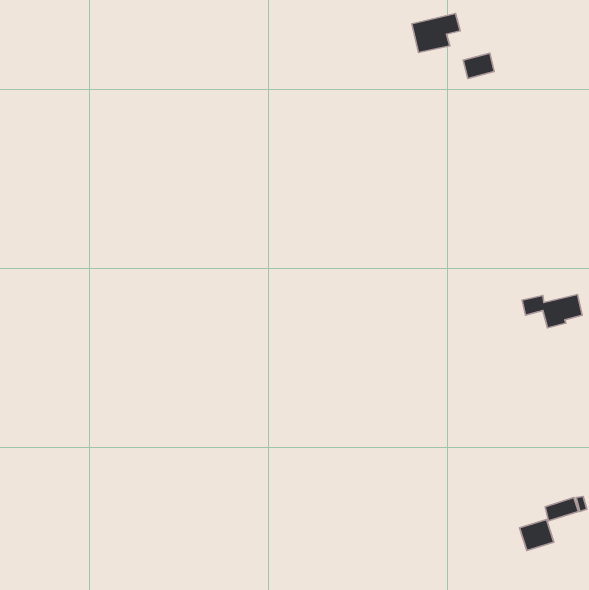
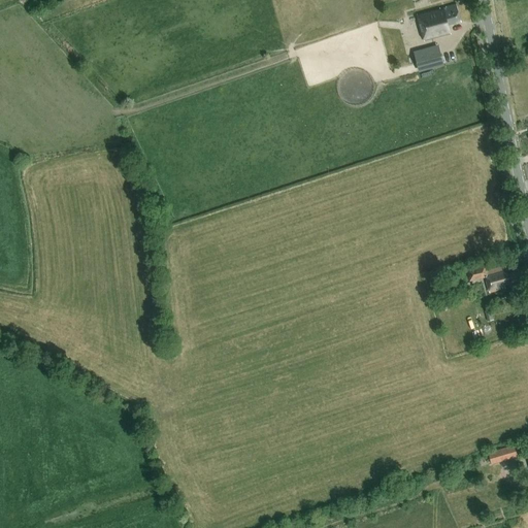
building: [412,13,460,53] -> [417,5,460,40]
building: [520,520,554,551] -> none

